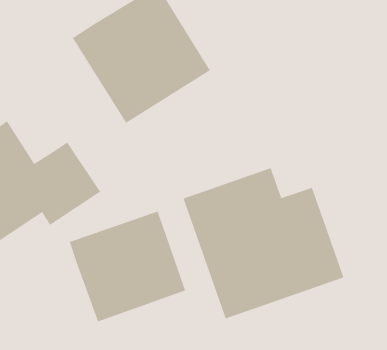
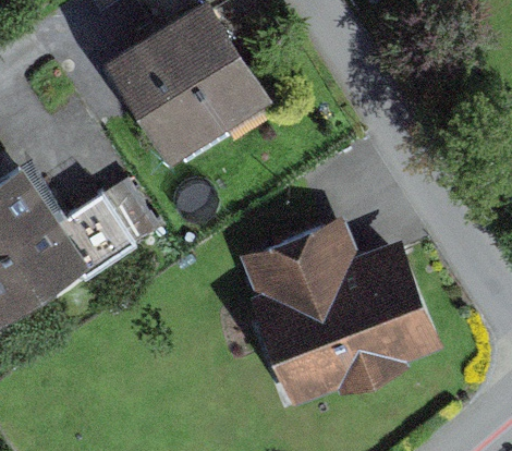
building: [69,211,186,322] -> none

